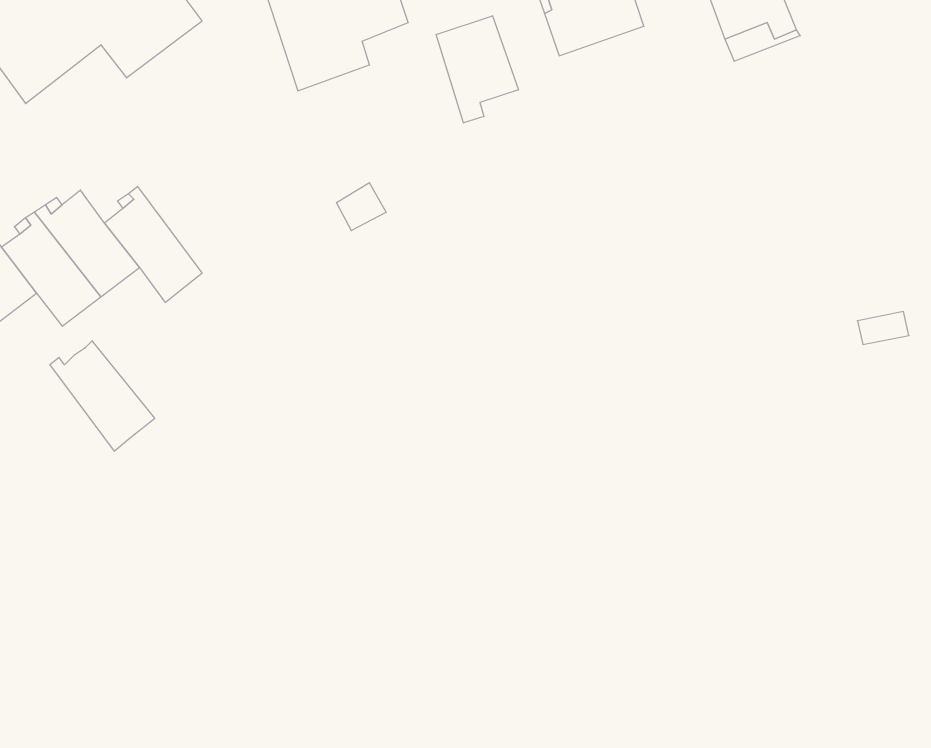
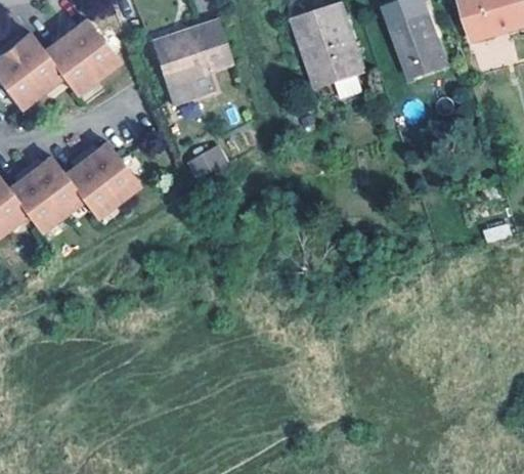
building: [436,16,518,123] -> none
building: [50,341,155,451] -> [82,141,140,203]

